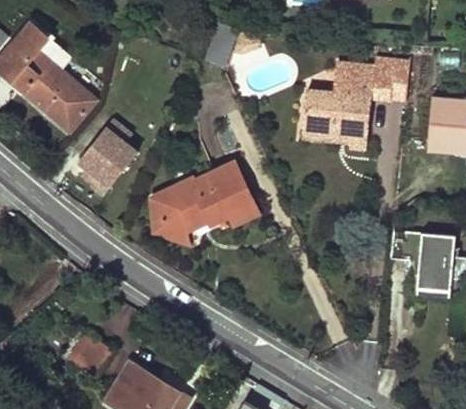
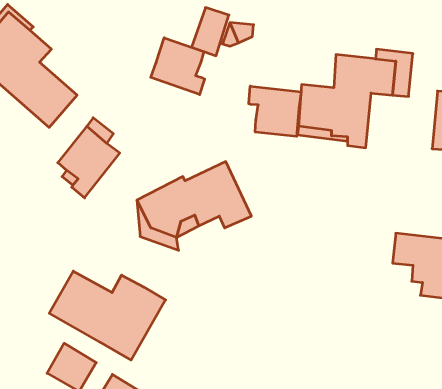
building: none -> [151,38,205,95]
building: none -> [249,86,301,136]
building: none -> [49,271,166,360]

